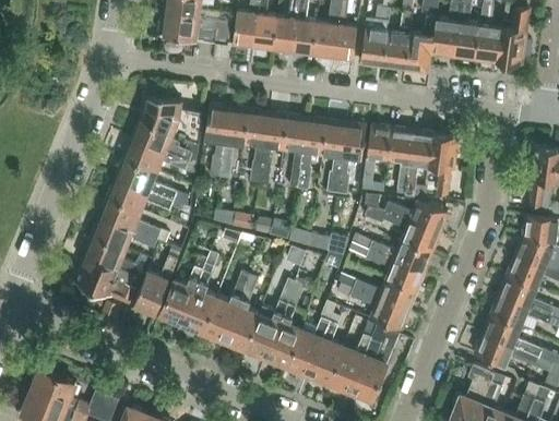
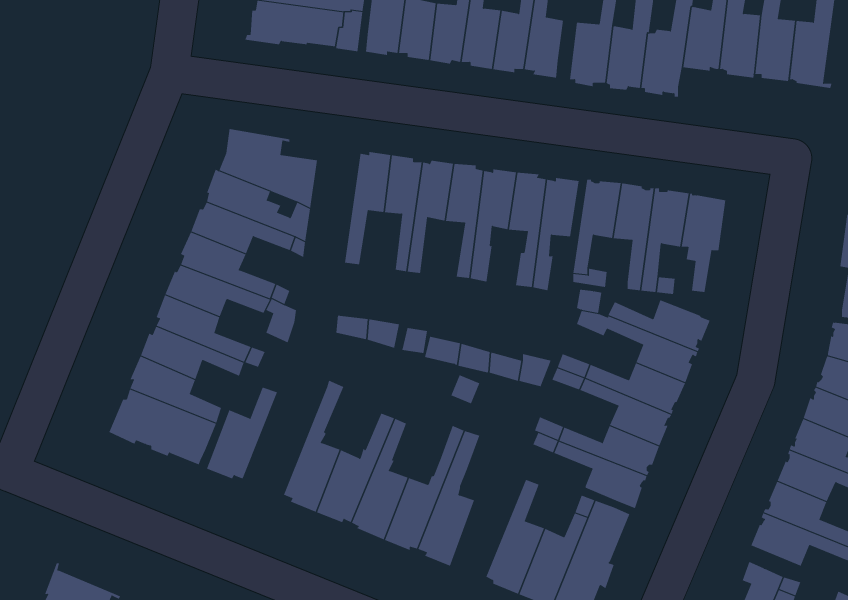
building: [204,105,229,178] -> none
building: [159,252,209,324] -> none
building: [286,301,336,374] -> none

